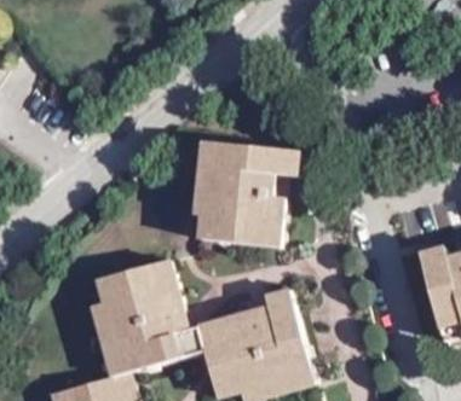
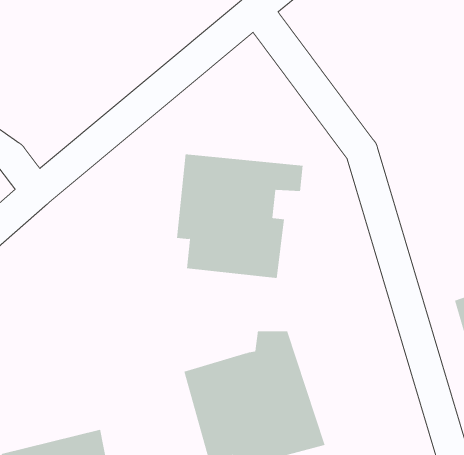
building: [86,257,196,373] -> none

